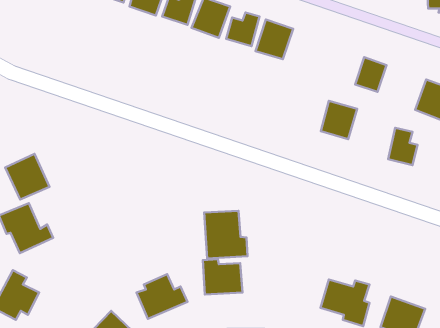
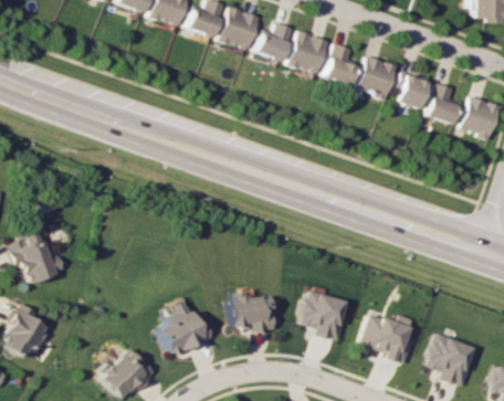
building: none -> [324,44,357,84]
building: [321,101,357,139] -> [357,56,397,98]
building: [388,128,418,165] -> [428,83,460,124]
building: [5,154,50,199] -> none
building: [204,211,247,258] -> none
building: none -> [298,291,346,340]

